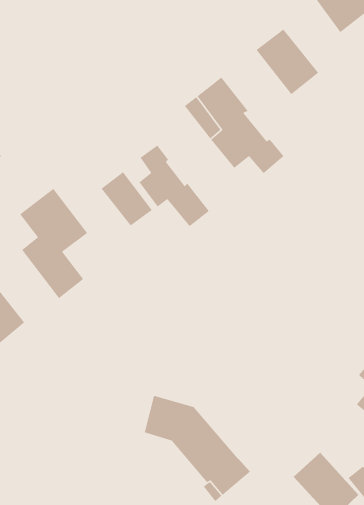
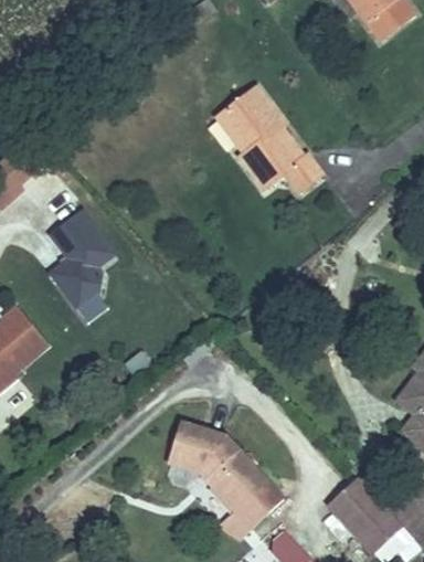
building: [256,29,319,95] -> none
building: [138,144,210,227] -> none
building: [101,171,153,227] -> none

